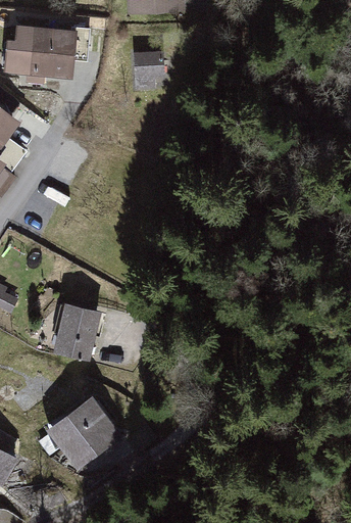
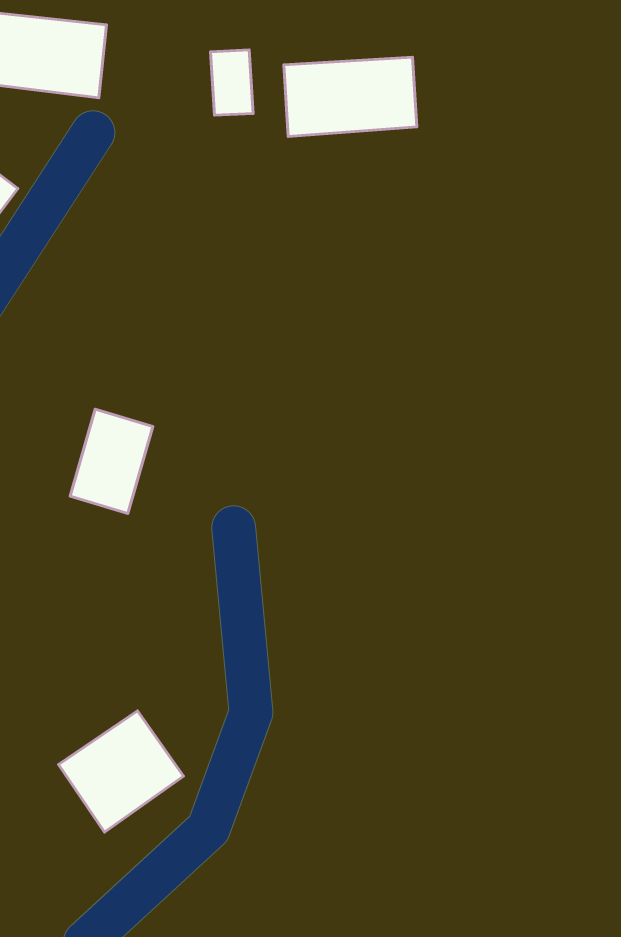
building: none -> [284,57,417,136]
building: [53,303,97,359] -> [70,409,153,513]

